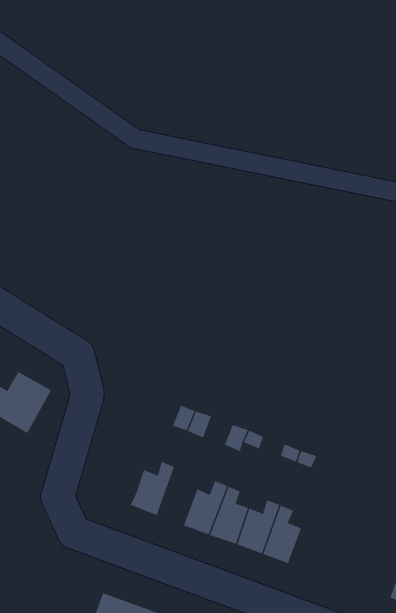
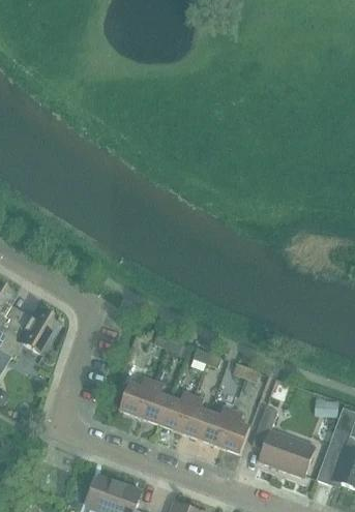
building: none -> [140,380,170,424]
building: none -> [252,405,315,477]

